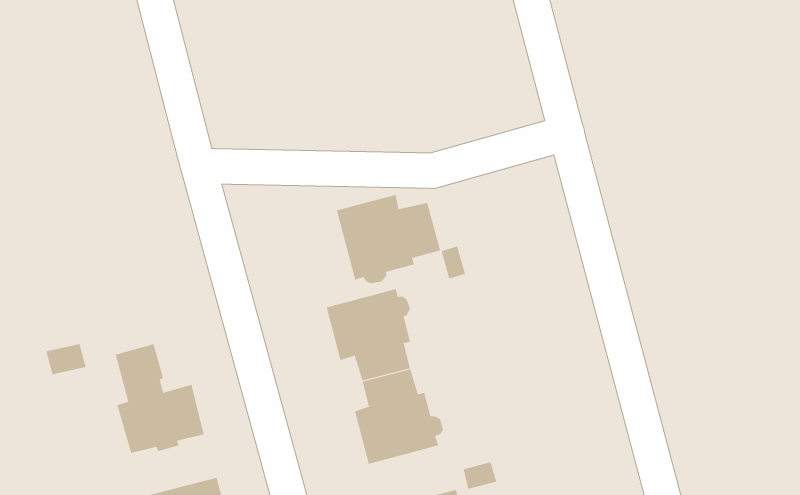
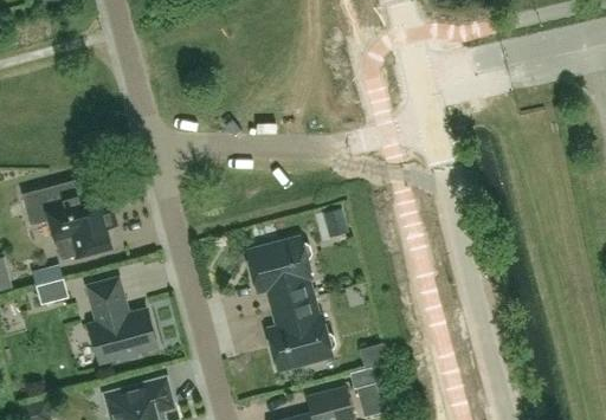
building: [336,194,441,284] -> none
building: none -> [24,180,114,257]

